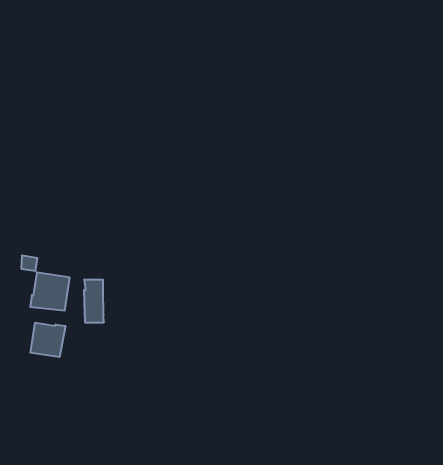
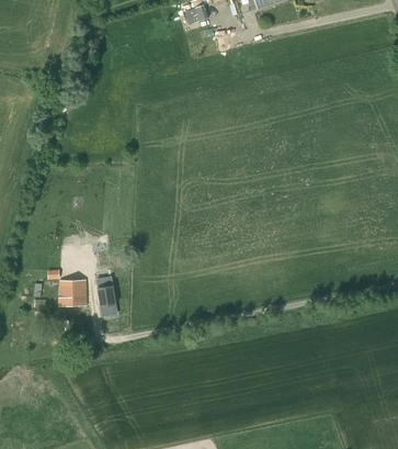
building: [31,323,66,357] -> none

